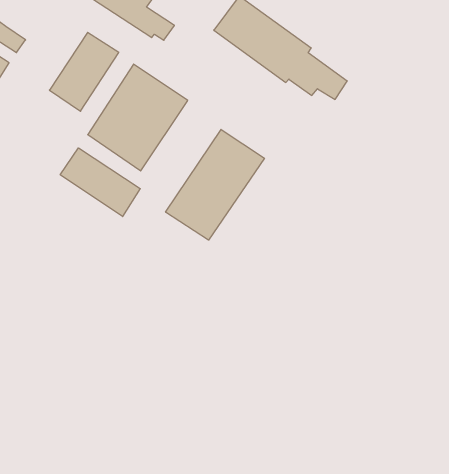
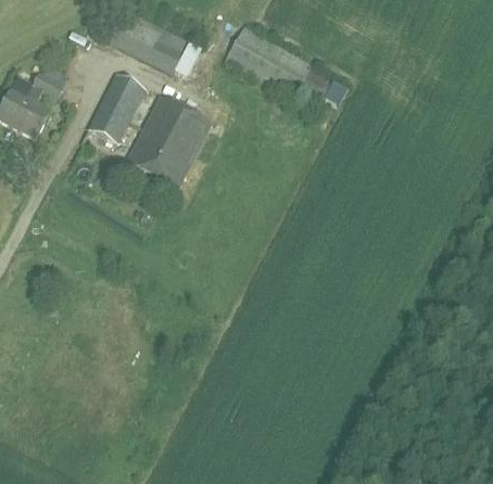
building: [166,129,264,240] -> none
building: [60,148,140,217] -> none

